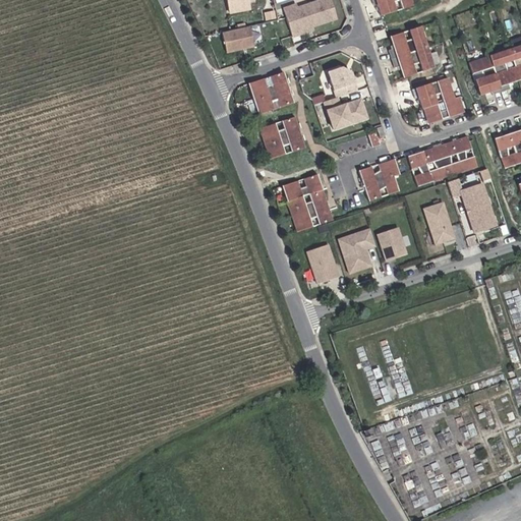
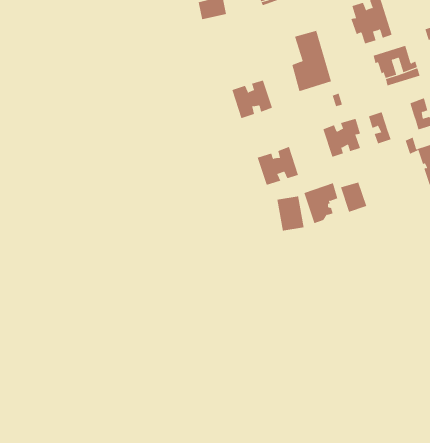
building: [246,70,294,114] -> none
building: [423,141,462,181] -> none
building: [282,173,323,200] -> none
building: [425,199,455,243] -> none

